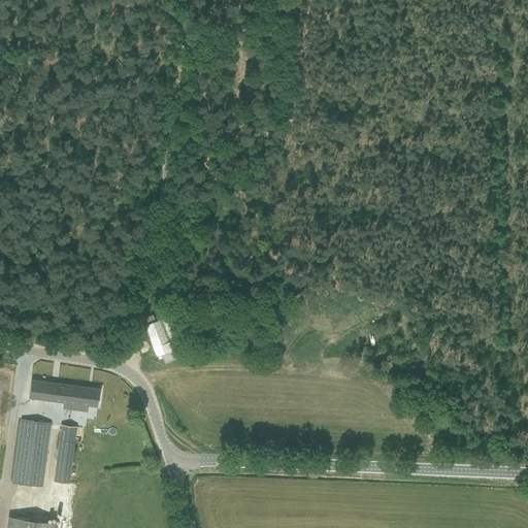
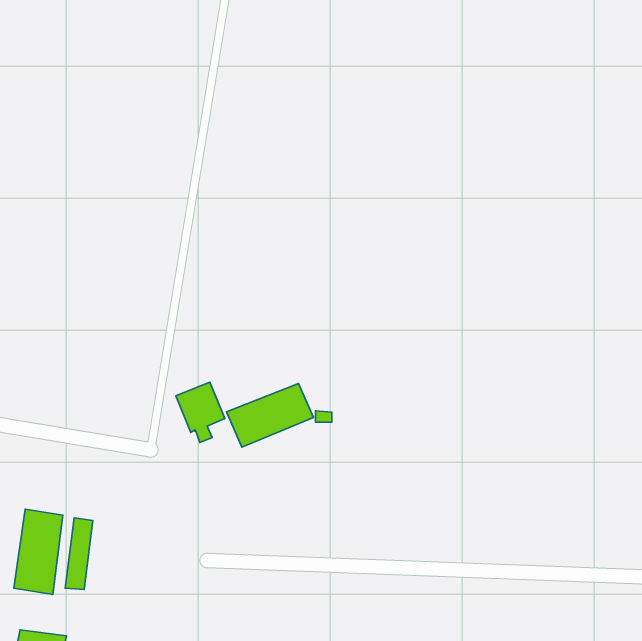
building: none -> [226,383,313,447]
building: [28,381,99,411] -> none

